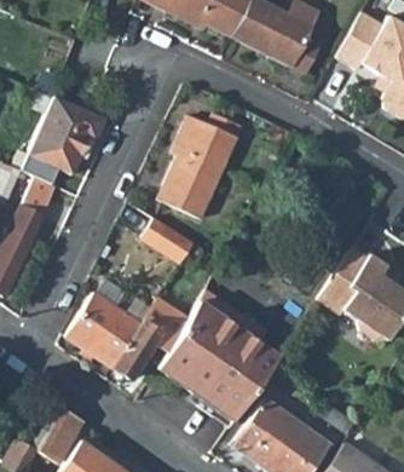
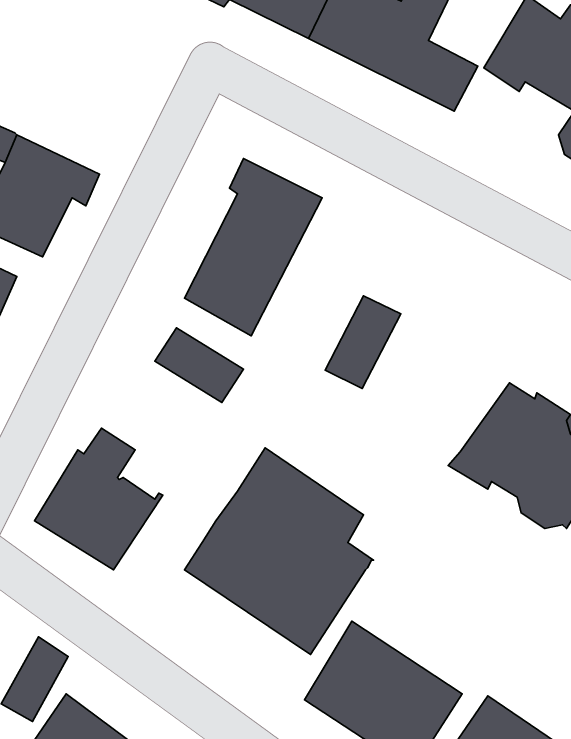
building: none -> [325,296,401,388]
building: [112,298,189,378] -> none

